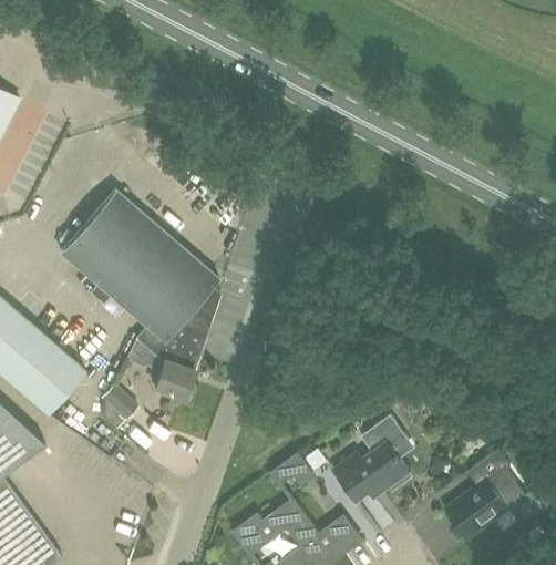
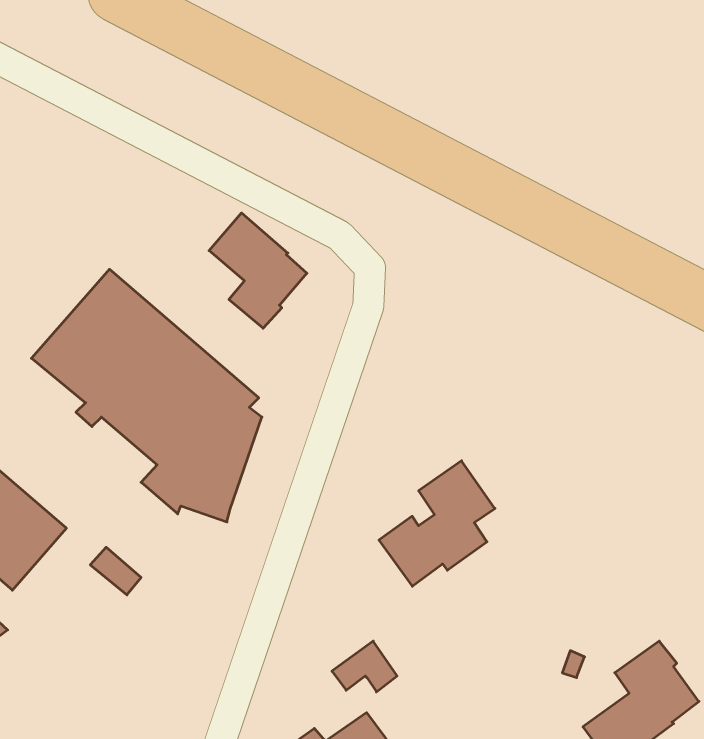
building: none -> [209,213,307,328]
building: [153,356,196,403] -> none
building: [332,414,413,502] -> [379,461,495,586]

